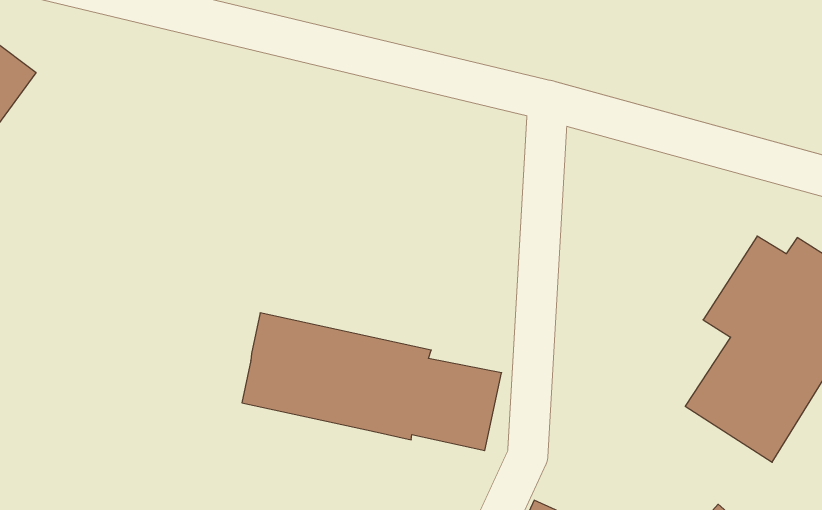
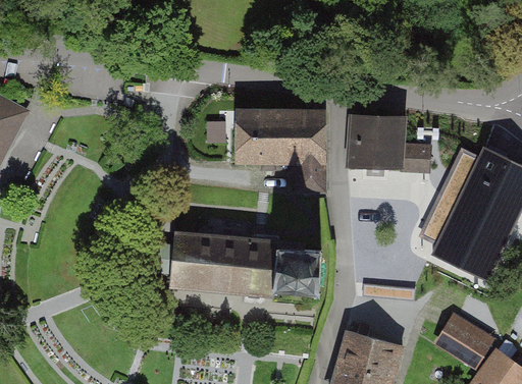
building: none -> [236,106,328,191]
building: none -> [350,116,429,170]

